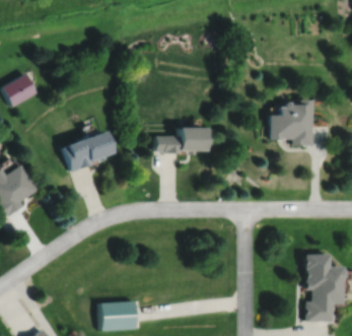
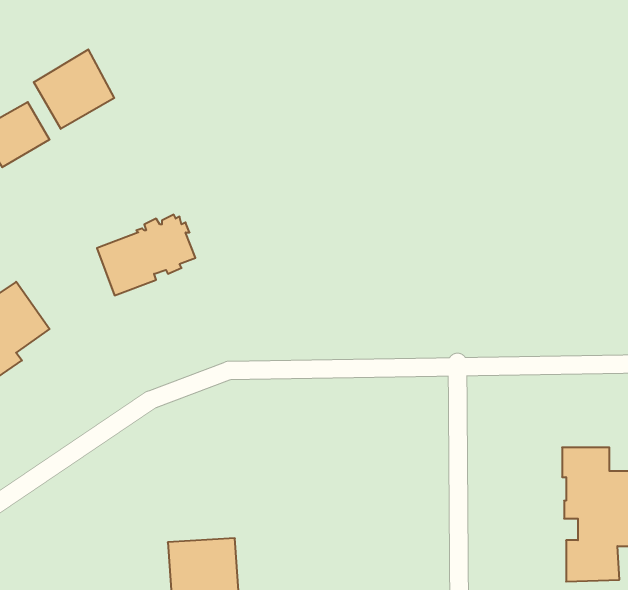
building: none -> [34,49,114,129]
building: [271,102,313,146] -> none
building: [156,128,206,155] -> none

